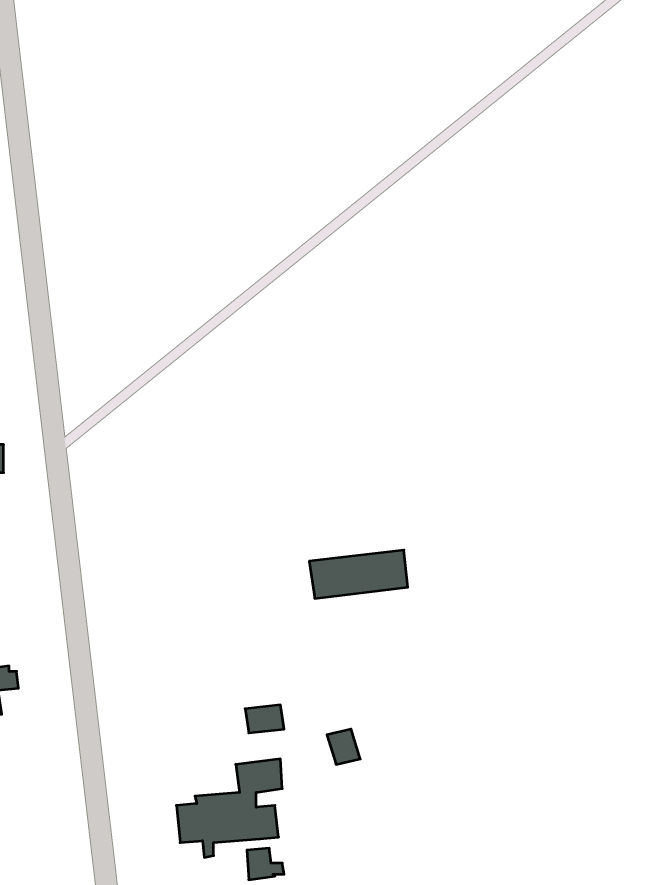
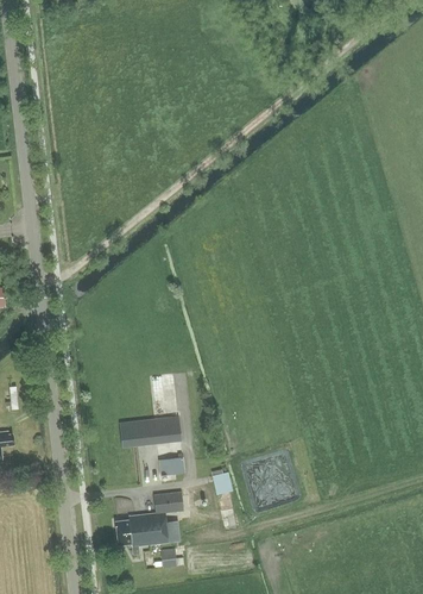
building: [309,550,408,598] -> [118,415,181,446]

